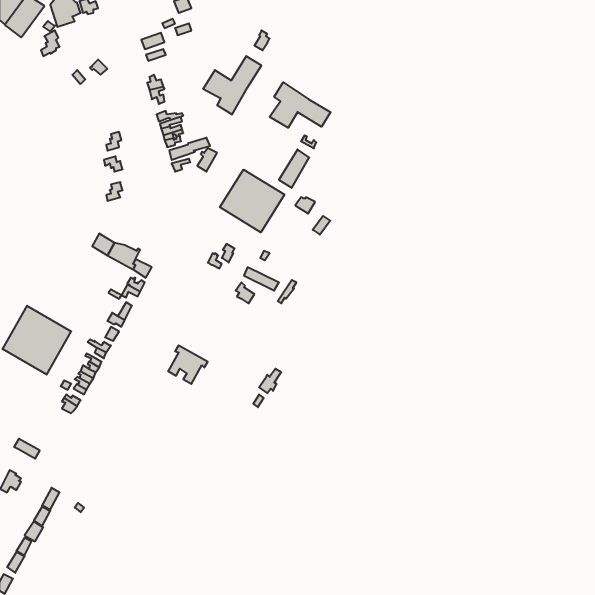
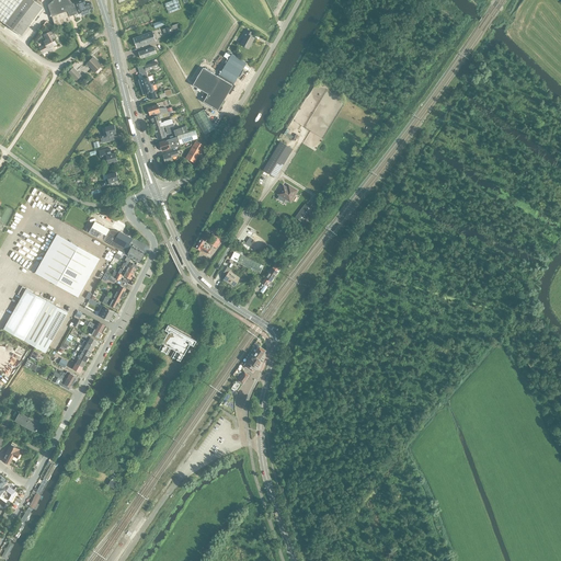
building: [270,82,331,128] -> none
building: [220,170,284,232] -> none
building: none -> [34,233,99,296]

